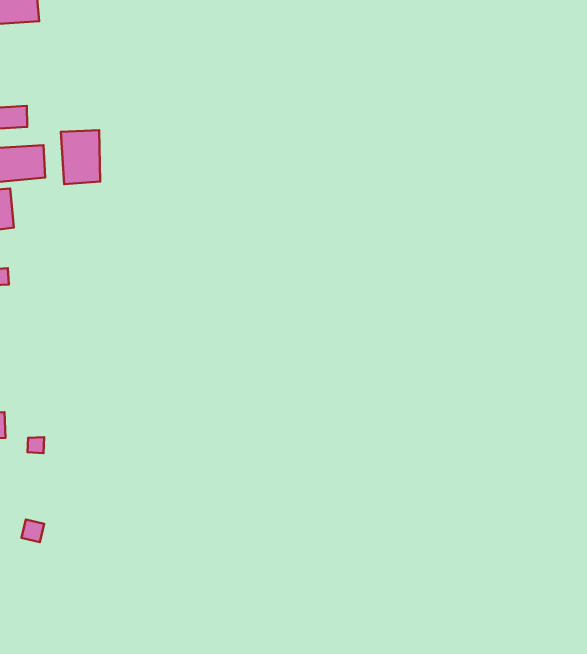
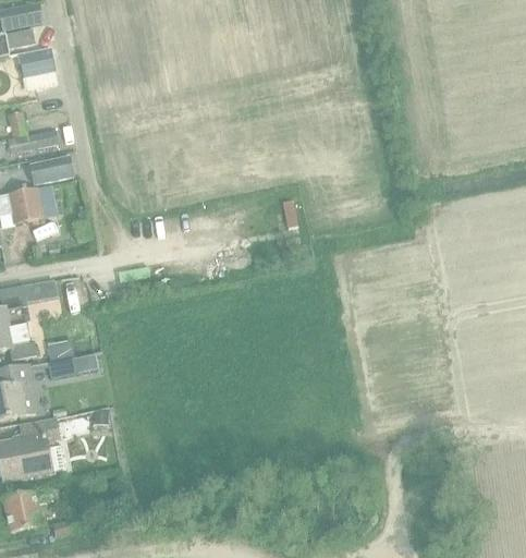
building: [61,130,100,184] -> none

